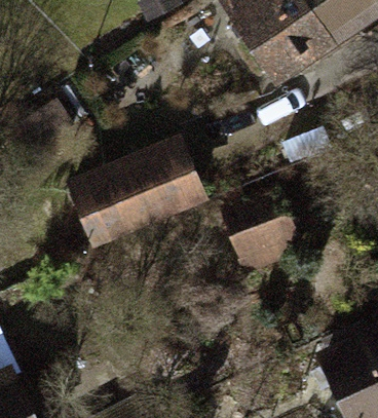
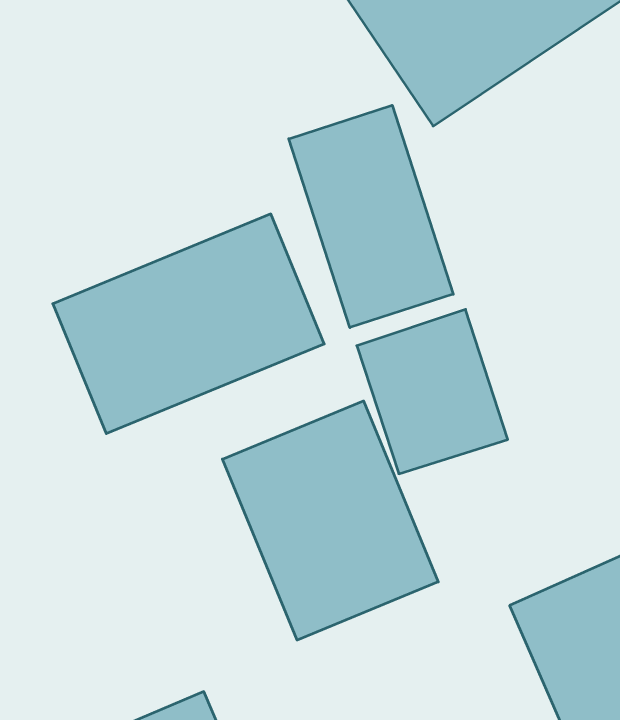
building: none -> [289,105,453,328]
building: none -> [222,401,438,640]

